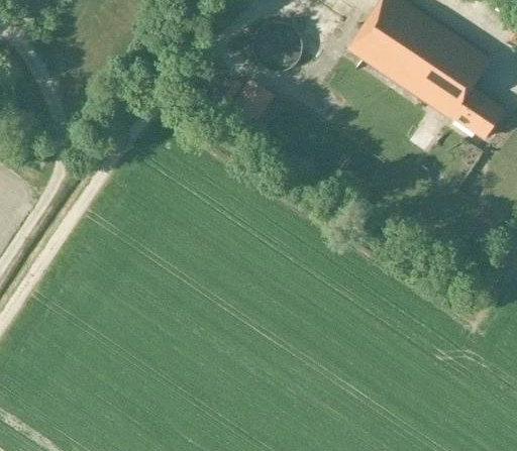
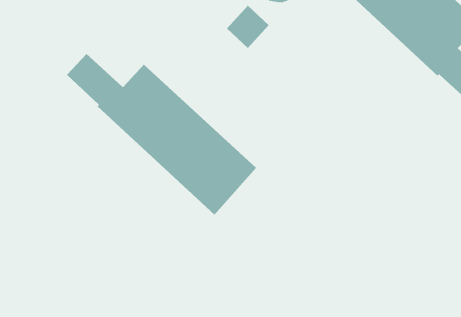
building: none -> [66,53,257,216]

